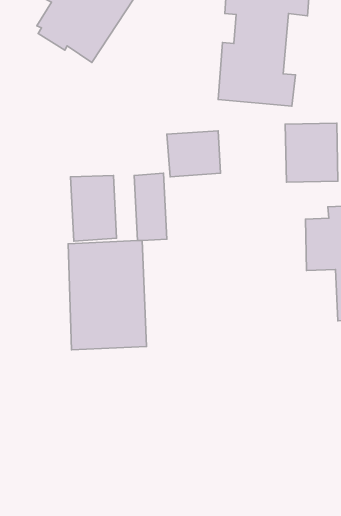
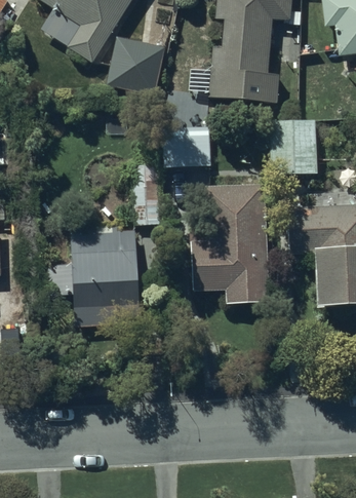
building: none -> [106,35,166,95]
building: [71,176,117,241] -> none
building: none -> [191,183,269,301]

